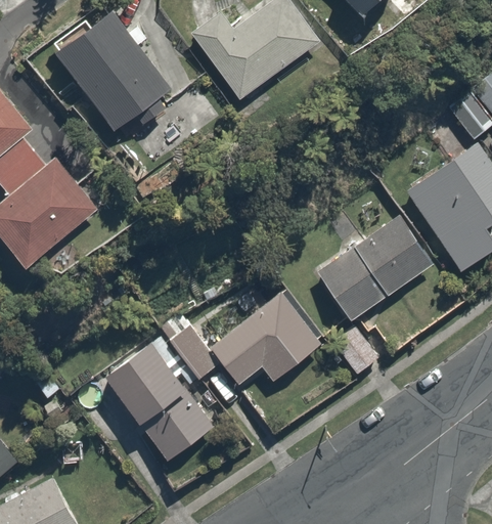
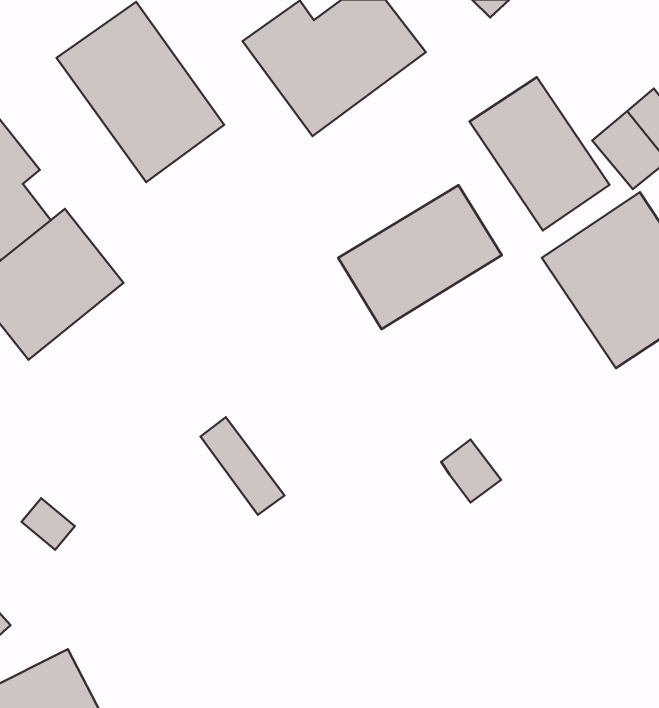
building: none -> [470,77,609,231]
building: [315,215,435,320] -> [338,185,502,329]
building: [207,288,323,385] -> none
building: [104,343,212,465] -> none

